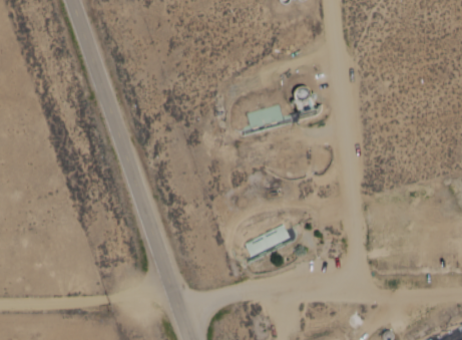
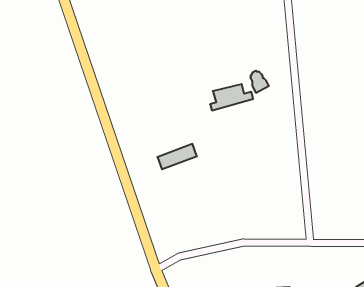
building: [245,226,290,255] -> [157,144,197,169]

